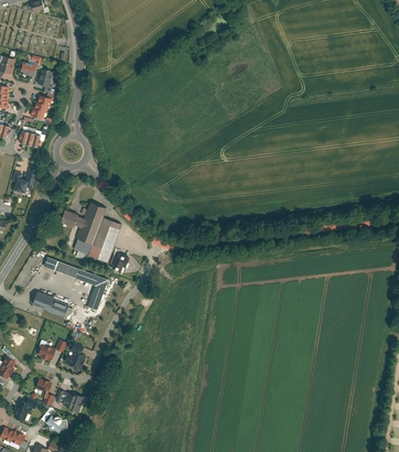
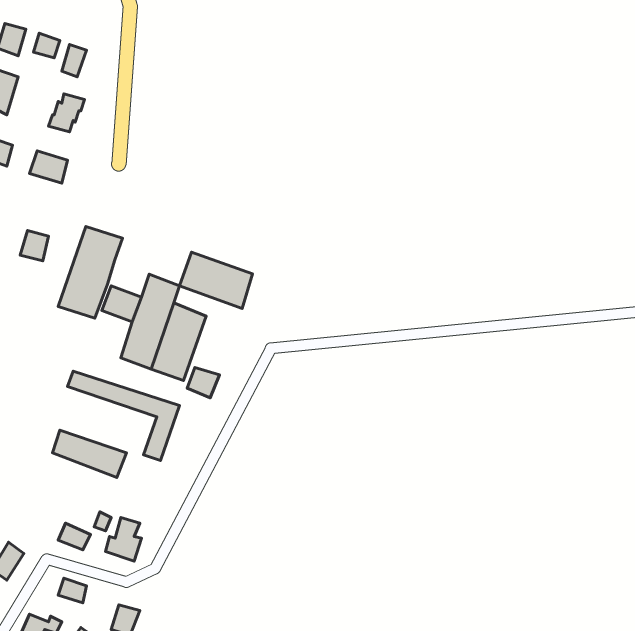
building: none -> [58,227,122,318]
building: none -> [180,252,253,308]

